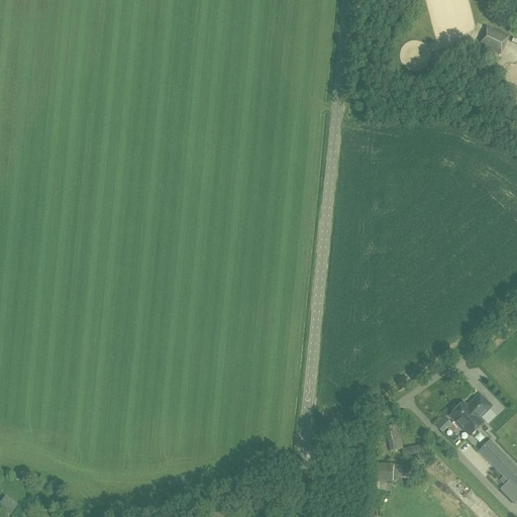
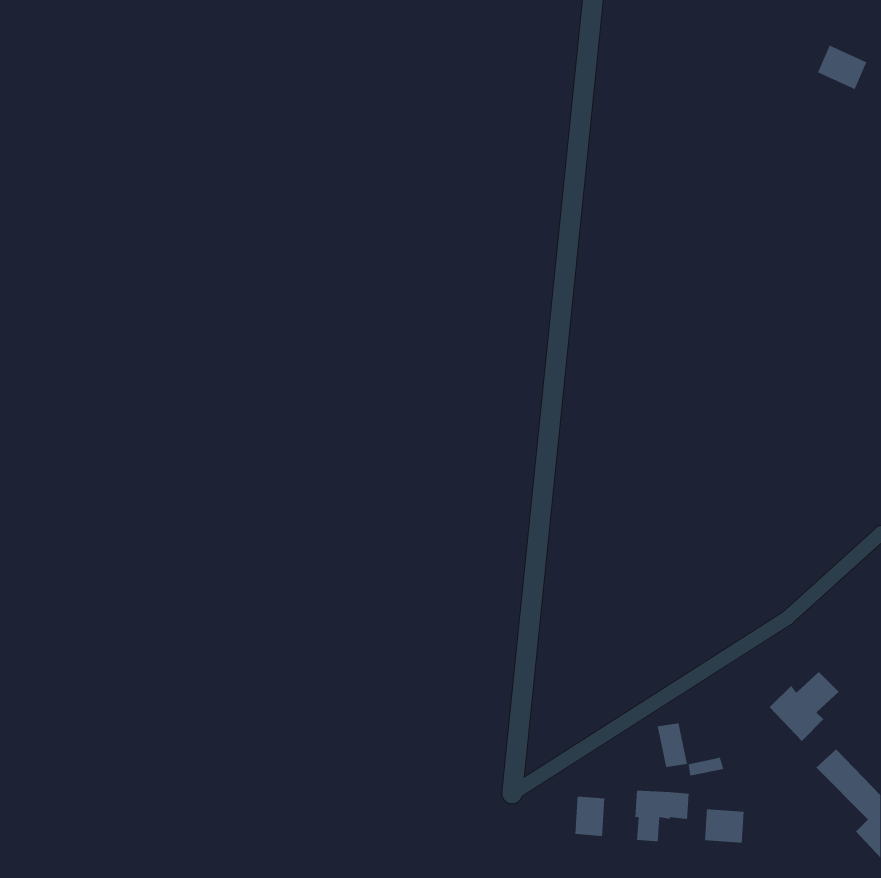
building: none -> [575,796,605,837]
building: none -> [704,808,744,843]

